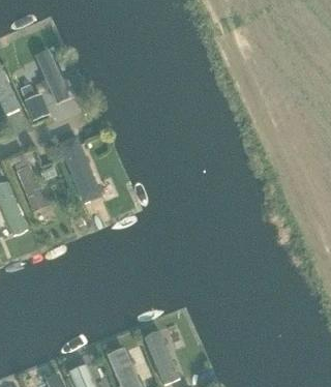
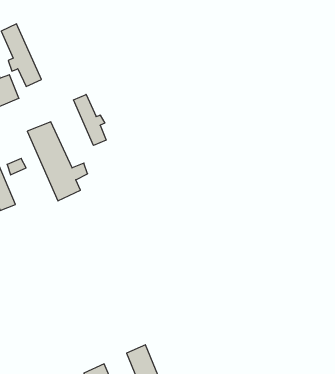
building: none -> [73,94,106,145]

